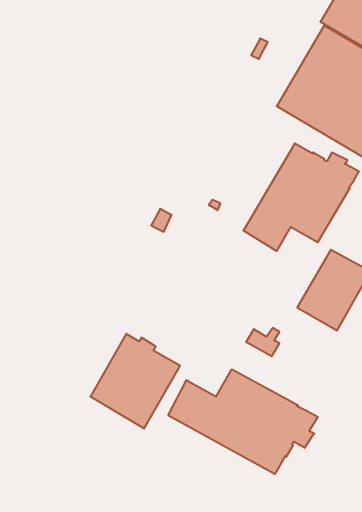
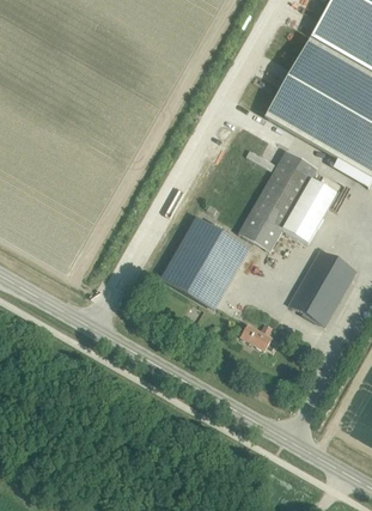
building: [90,334,180,429] -> [163,218,246,306]
building: [168,369,318,474] -> none

